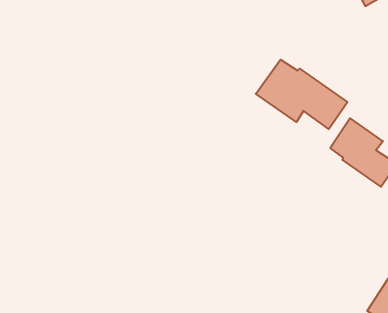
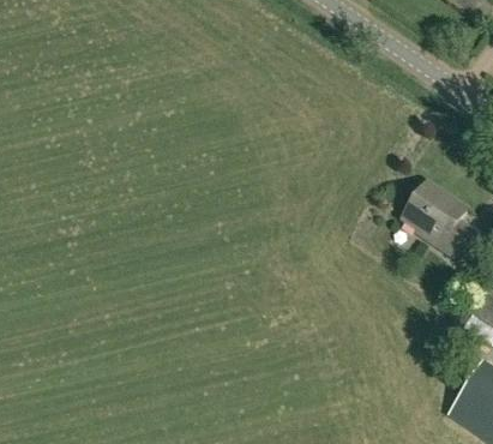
building: [256,60,347,129] -> none

